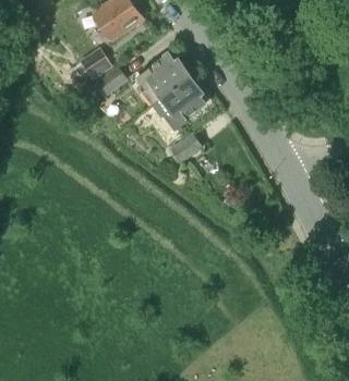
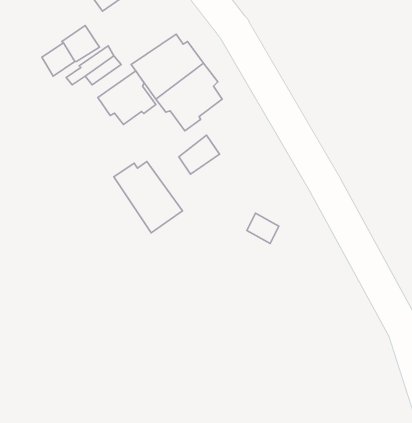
building: none -> [98,71,156,125]
building: none -> [114,162,183,233]

